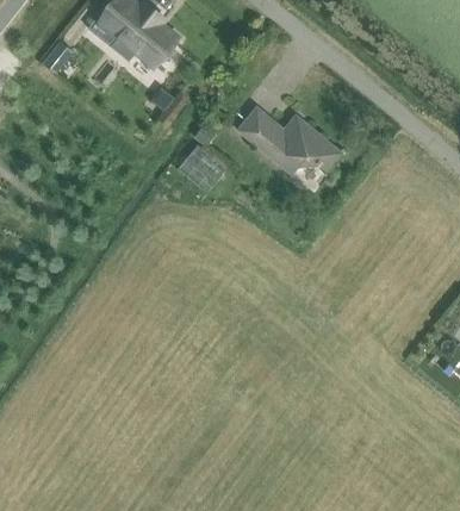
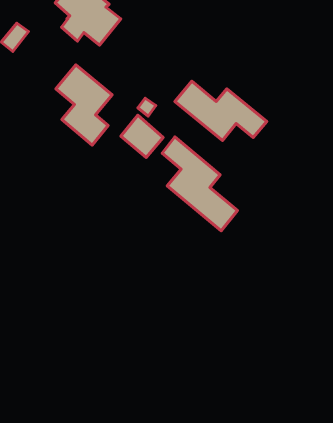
building: none -> [56,65,112,145]
building: none -> [162,137,238,231]

